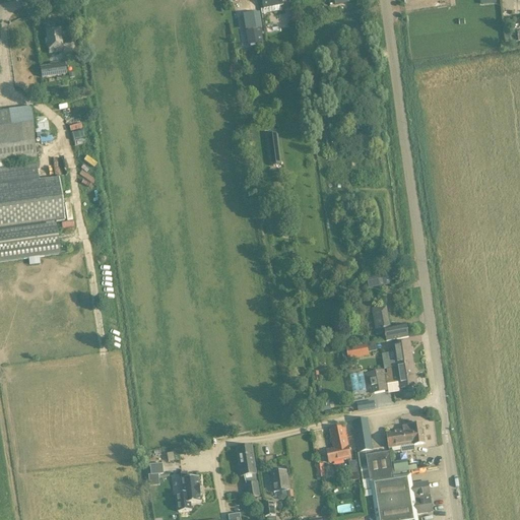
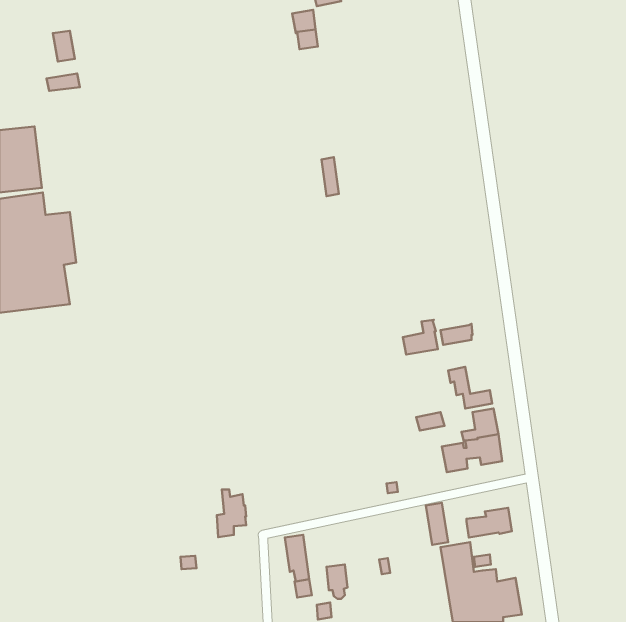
building: none -> [403,320,438,355]
building: [325,425,348,459] -> none
building: [176,469,200,509] -> [217,489,246,537]

